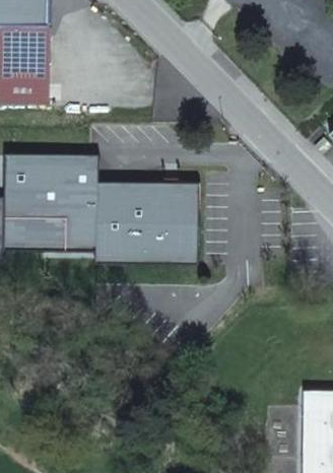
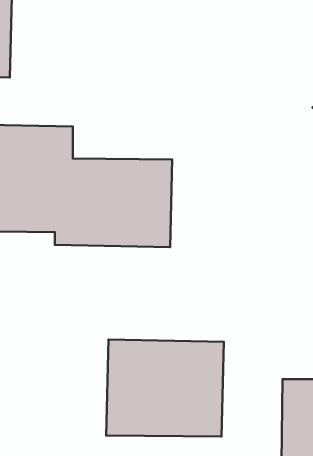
building: none -> [106,340,224,436]

